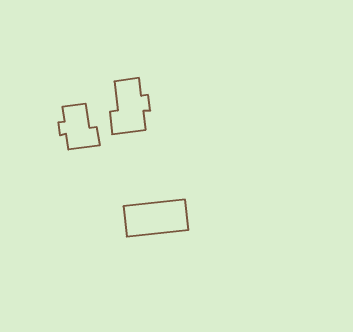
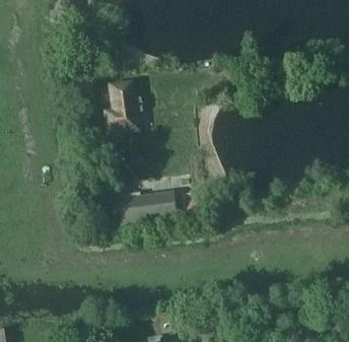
building: [58,104,100,150] -> none

